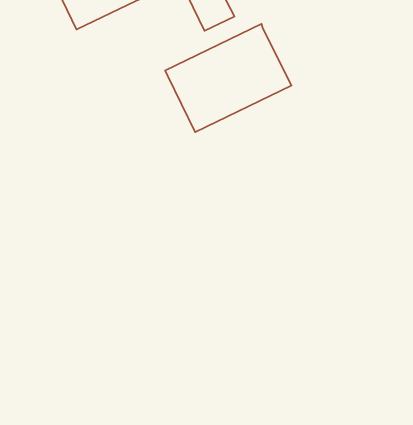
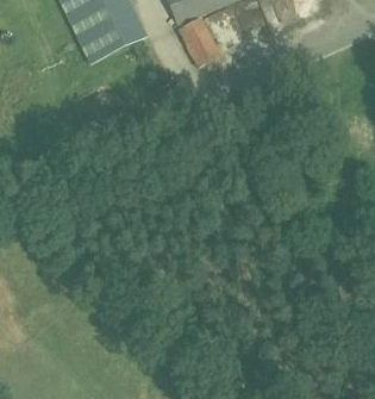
building: [165,24,291,132] -> none

